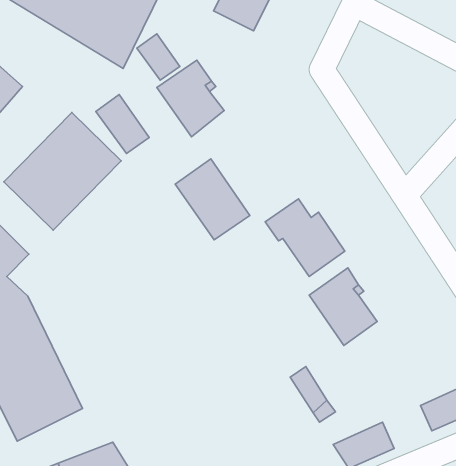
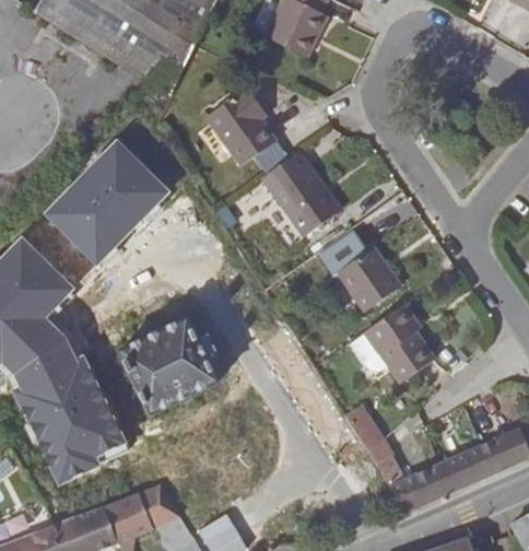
building: [137,34,180,80] -> none
building: [96,95,149,153] -> none
building: [175,159,250,240] -> [262,151,340,235]
building: none -> [119,317,218,414]
building: none -> [440,446,492,491]

